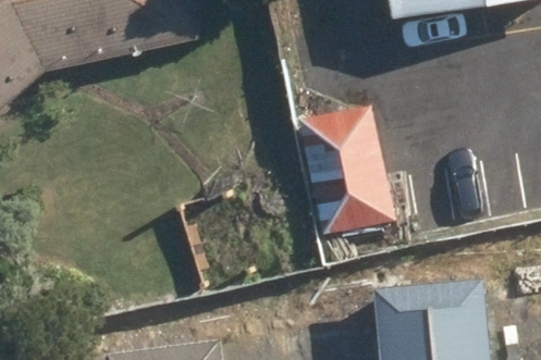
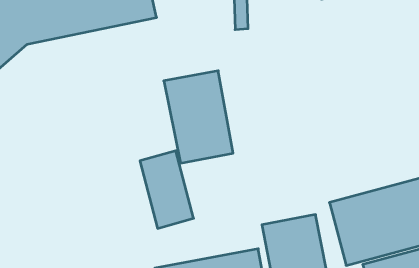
building: [294,123,376,232] -> [164,71,233,163]

